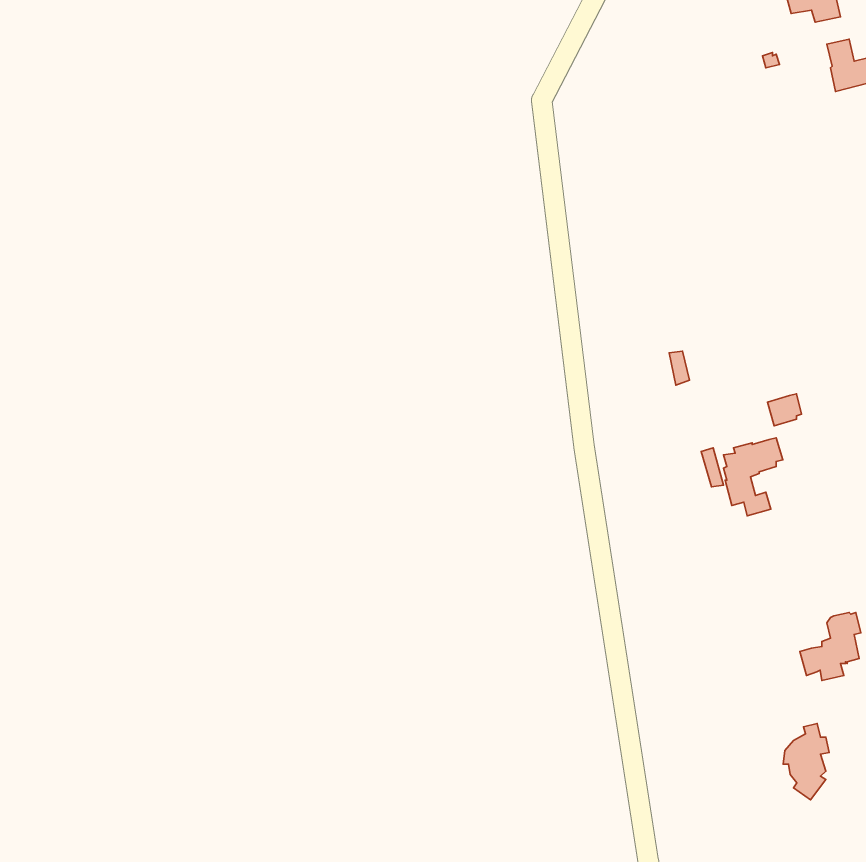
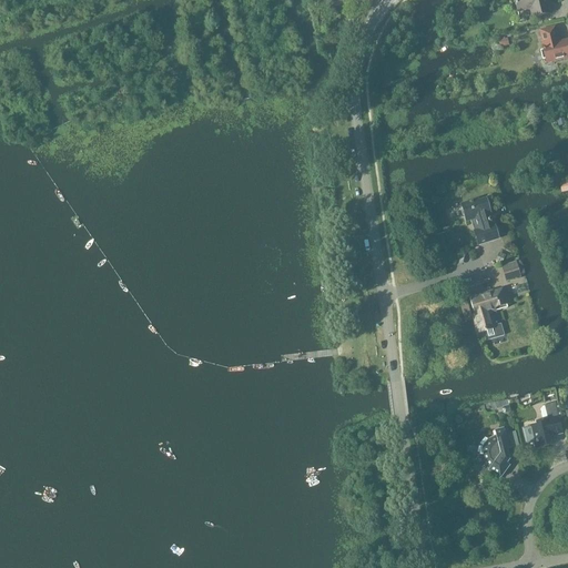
building: none -> [462,196,499,242]
building: [783,724,829,800] -> [483,426,513,476]

